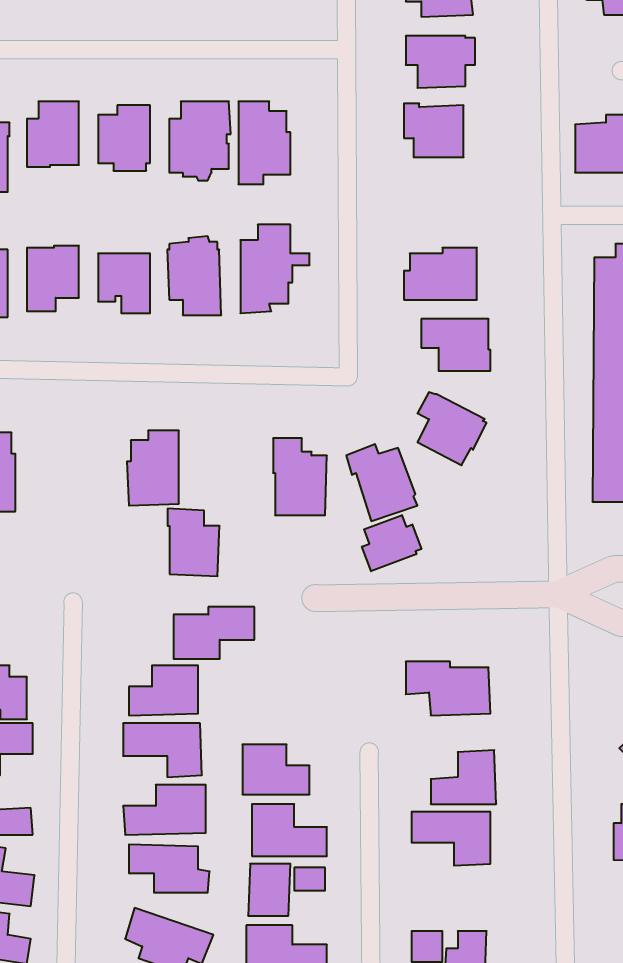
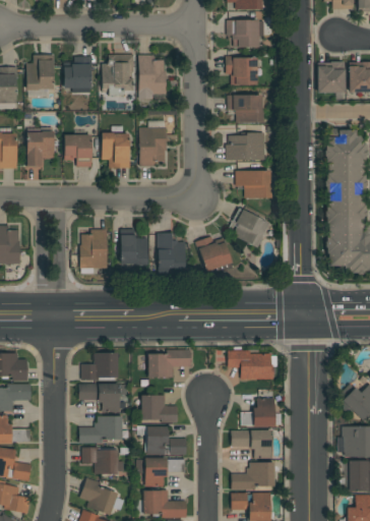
building: none -> [228,95,263,122]
building: [168,509,220,576] -> [121,229,148,265]
building: [362,515,421,571] -> none
building: [174,607,254,659] -> [148,350,191,378]
building: none -> [231,462,274,488]

